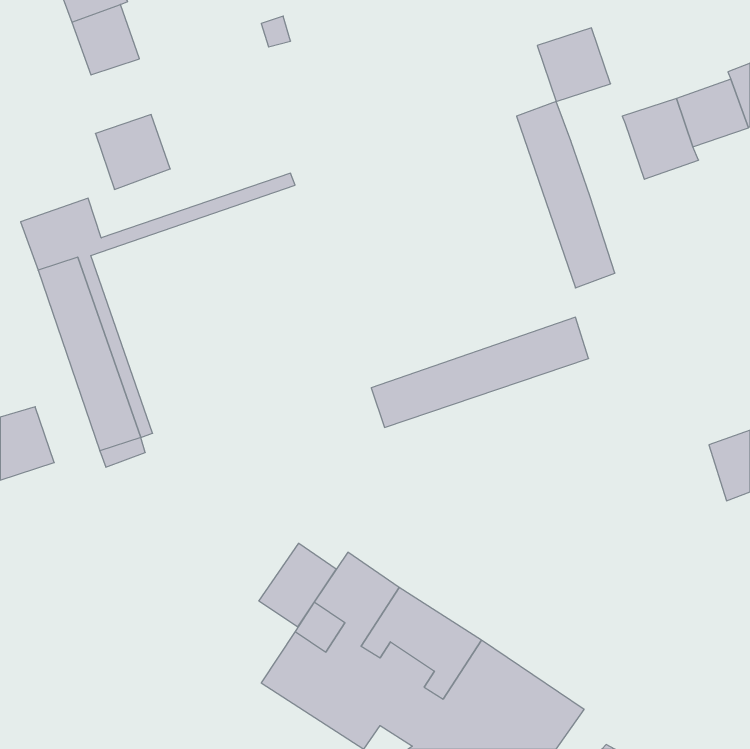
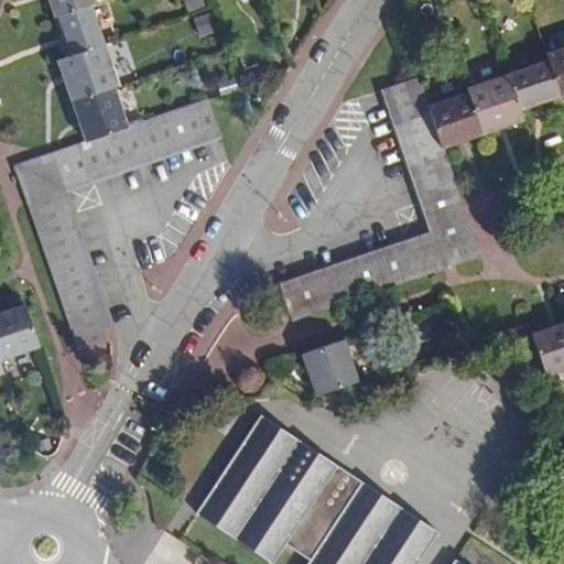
building: [537,28,611,101] -> [429,93,484,148]
building: none -> [57,44,118,100]
building: none -> [275,87,479,291]
building: none -> [66,99,218,178]
building: none -> [302,339,359,395]
building: [259,543,336,627] -> none

